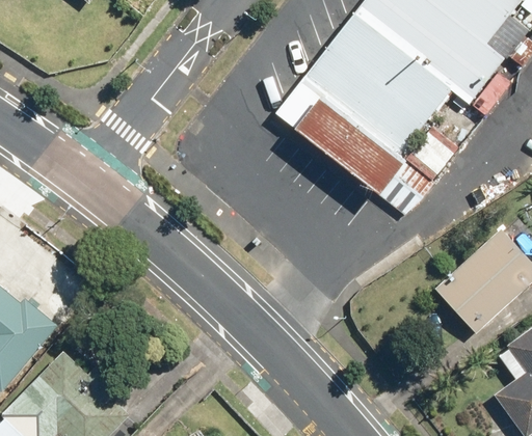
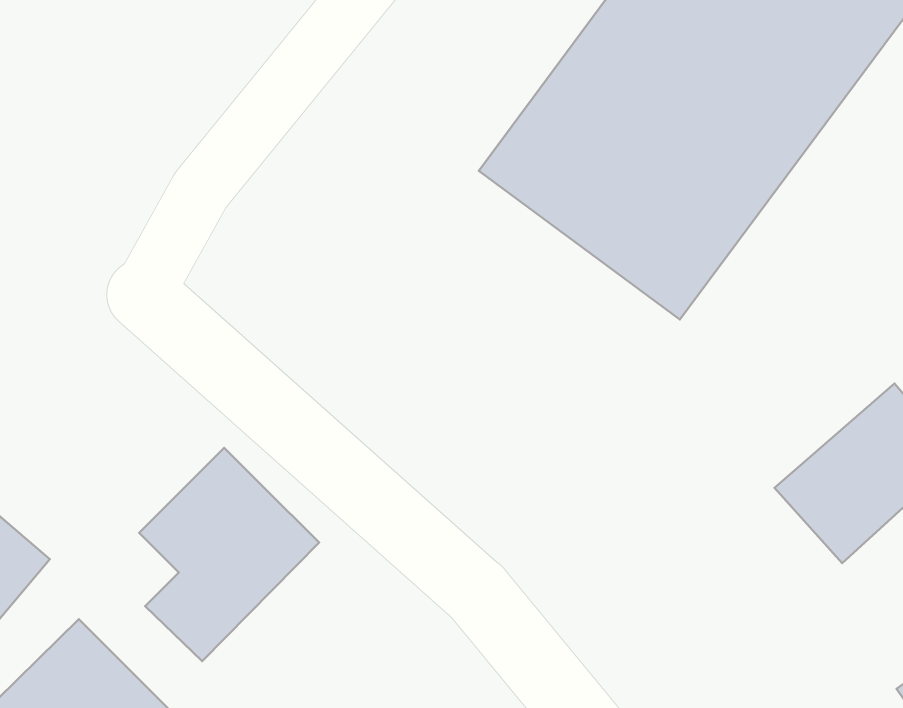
building: none -> [139,448,319,661]

